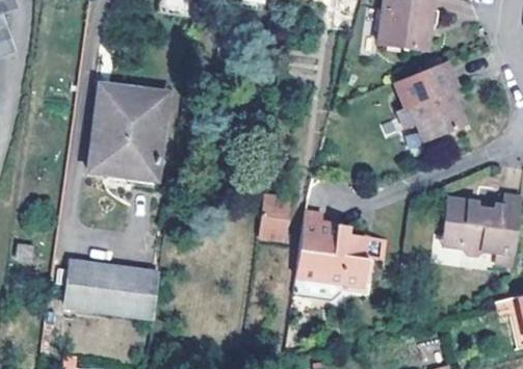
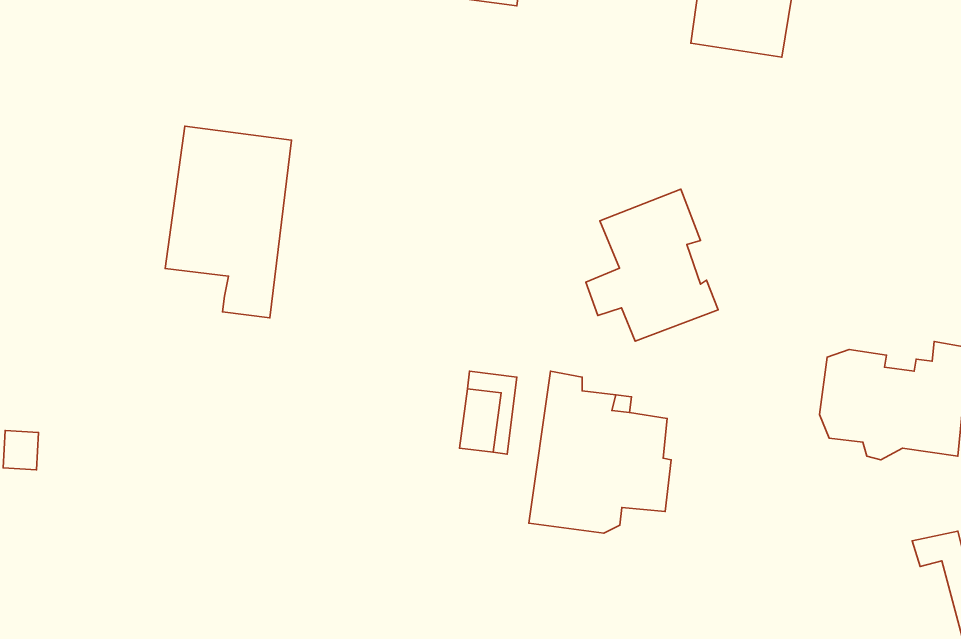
building: [398,59,468,139] -> [586,189,718,341]
building: [89,80,135,172] -> none
building: [67,259,161,315] -> none

